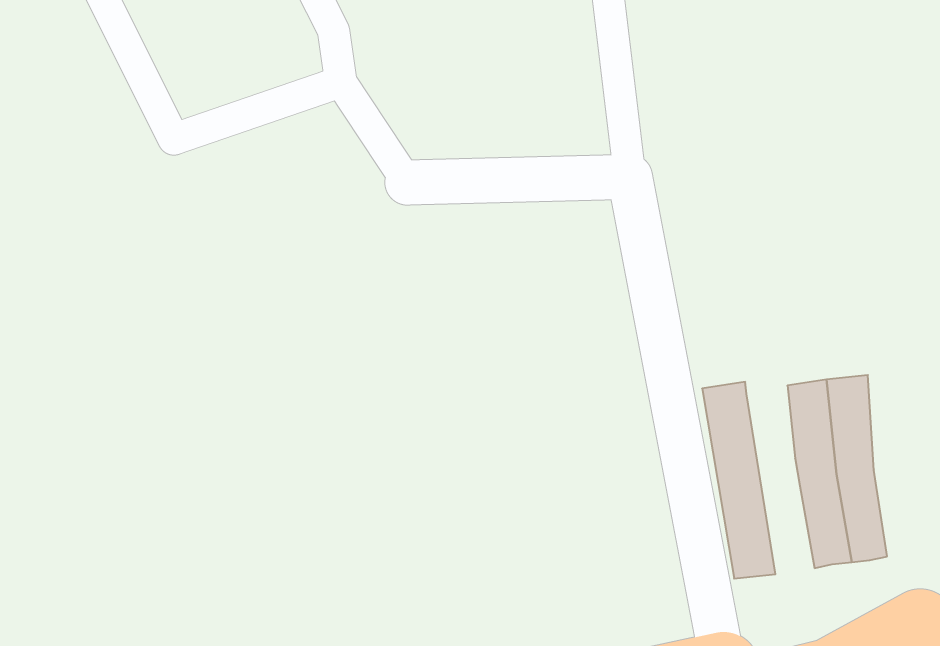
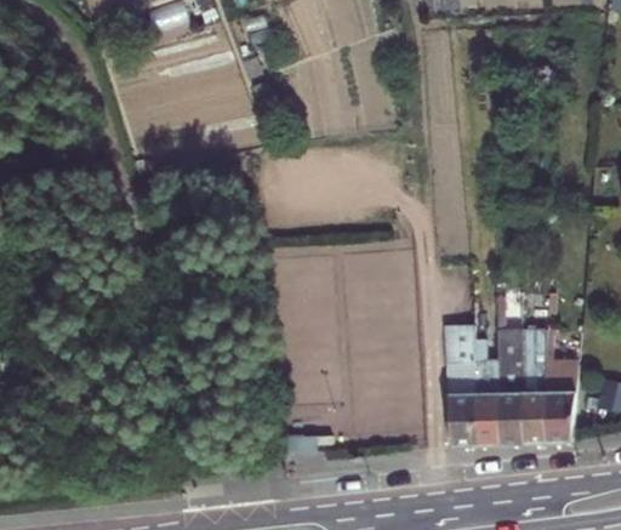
building: none -> [543,312,575,439]
building: none -> [471,331,501,443]

